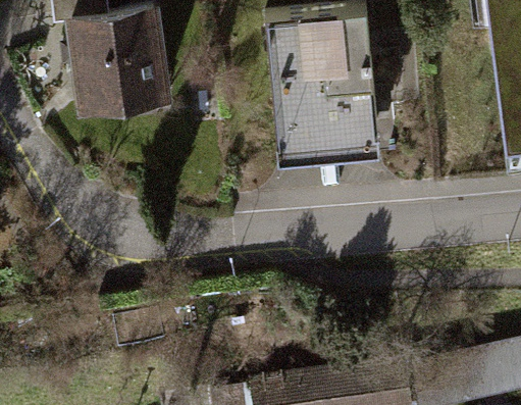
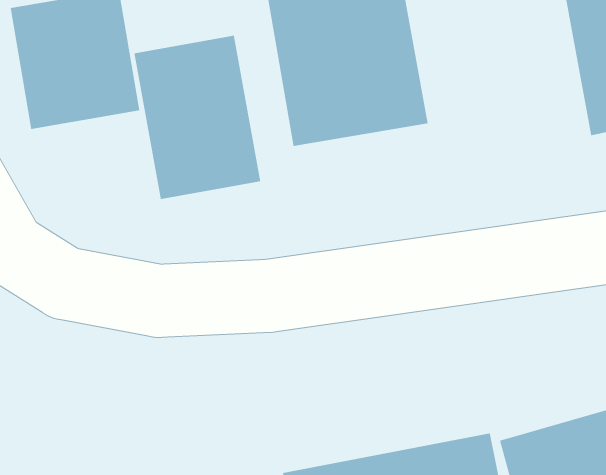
building: none -> [134,35,261,200]

